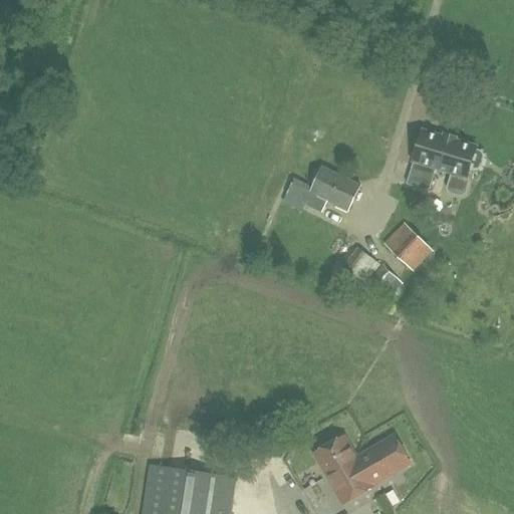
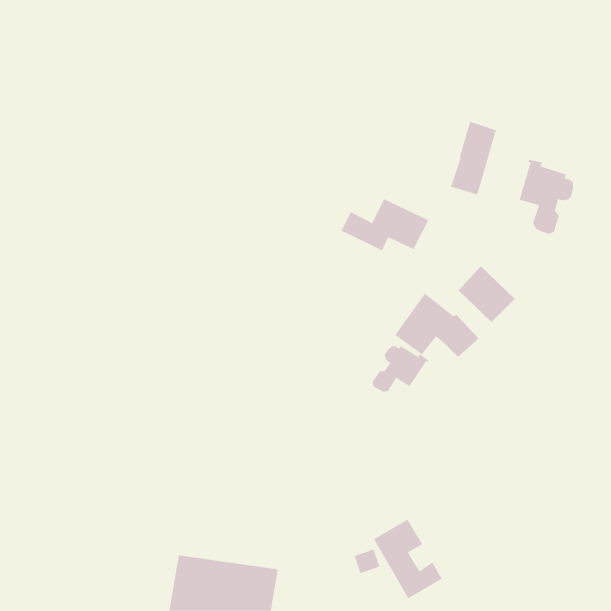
building: [406,130,445,192] -> [450,121,497,195]
building: none -> [372,345,429,392]
building: [343,436,409,484] -> none

